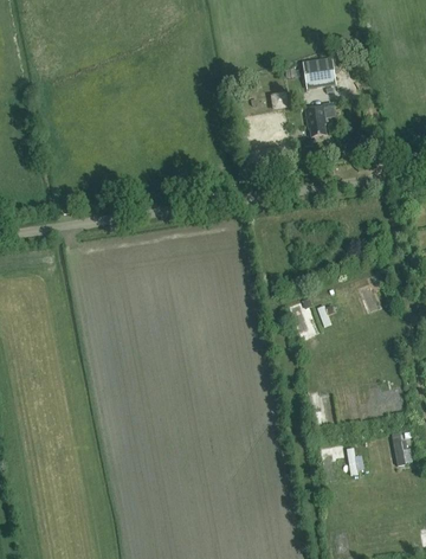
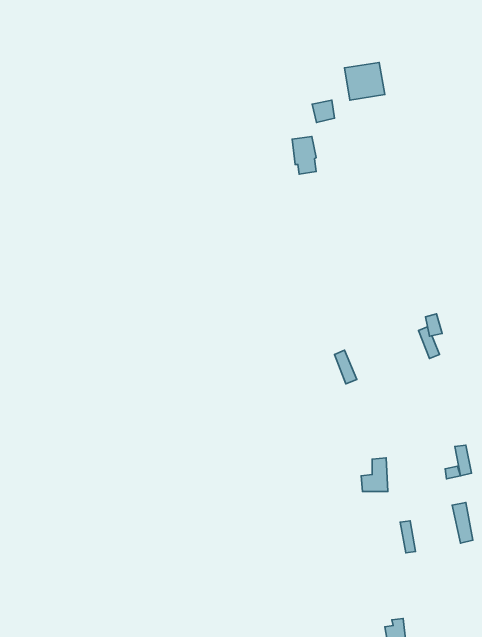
building: [303,105,323,137] -> [292,136,316,174]

